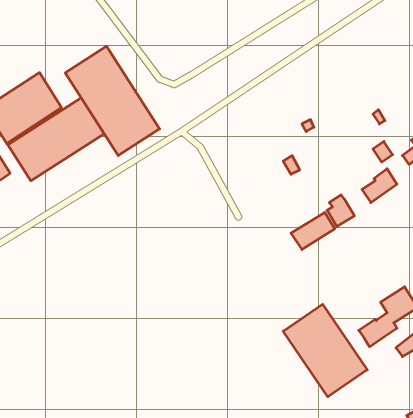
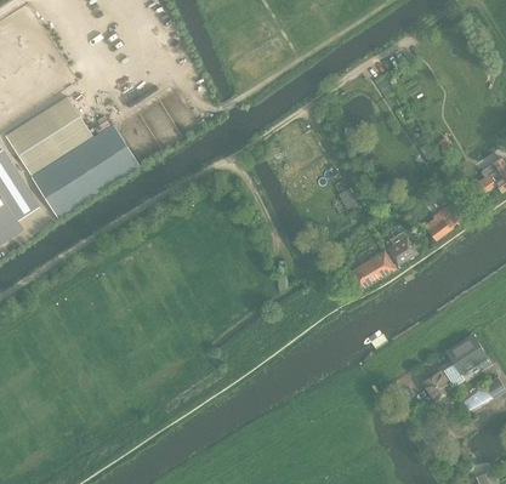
building: [65,46,160,156] -> none
building: [283,304,367,397] -> none

